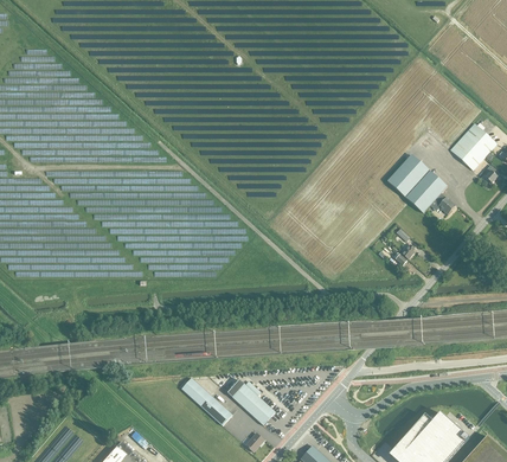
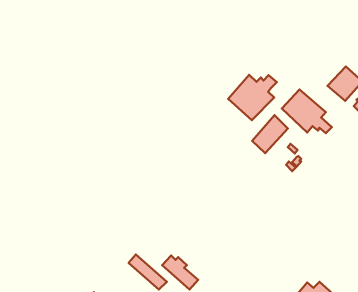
building: none -> [228,75,277,120]
building: none -> [252,115,288,153]

